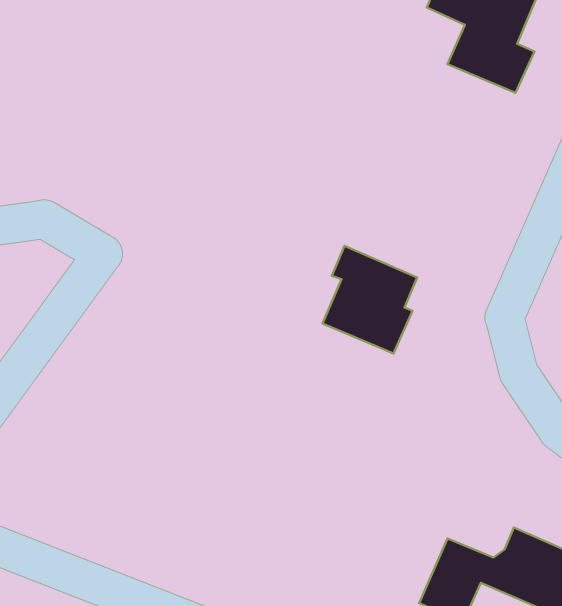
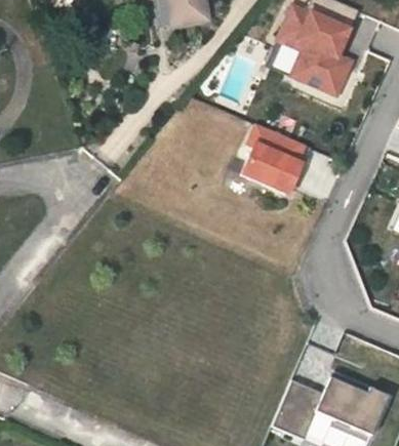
building: [322,246,417,353] -> [242,125,304,195]

